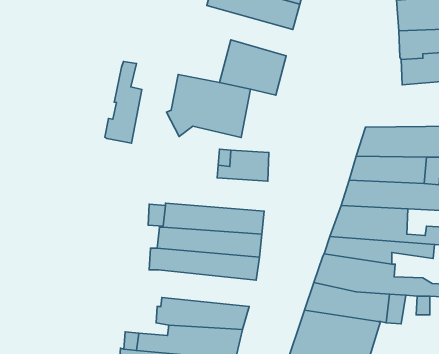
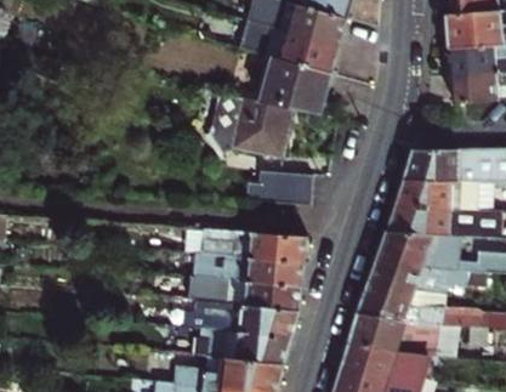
building: none -> [239,19,337,73]
building: [105,61,142,143] -> none
building: none -> [184,299,299,337]

